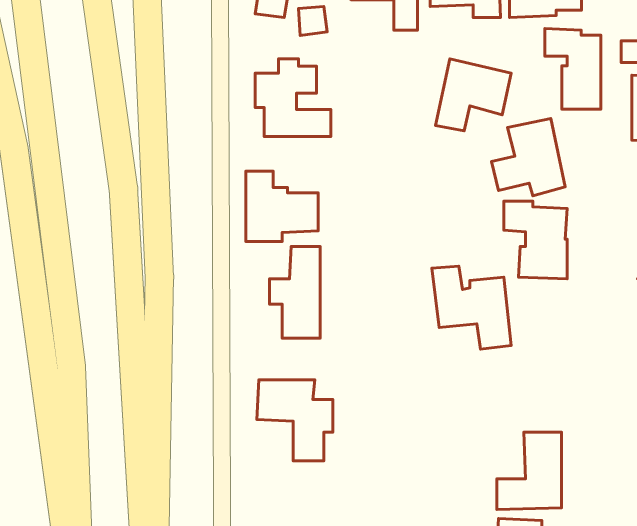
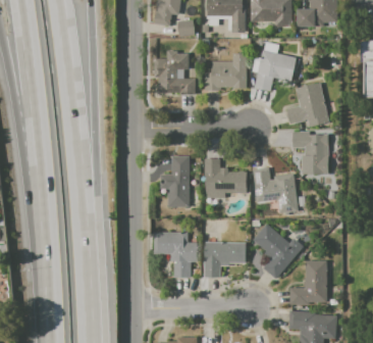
building: [545,29,601,109] -> none
building: none -> [204,54,245,92]
building: [246,171,318,242] -> [204,159,245,199]
building: none -> [252,223,304,279]
building: none -> [204,242,246,278]

